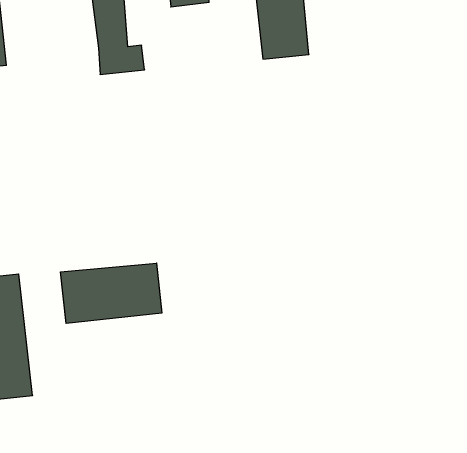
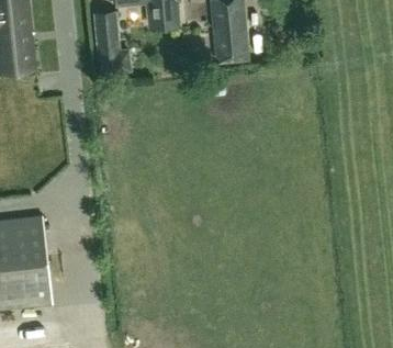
building: [61,263,162,323] -> none

